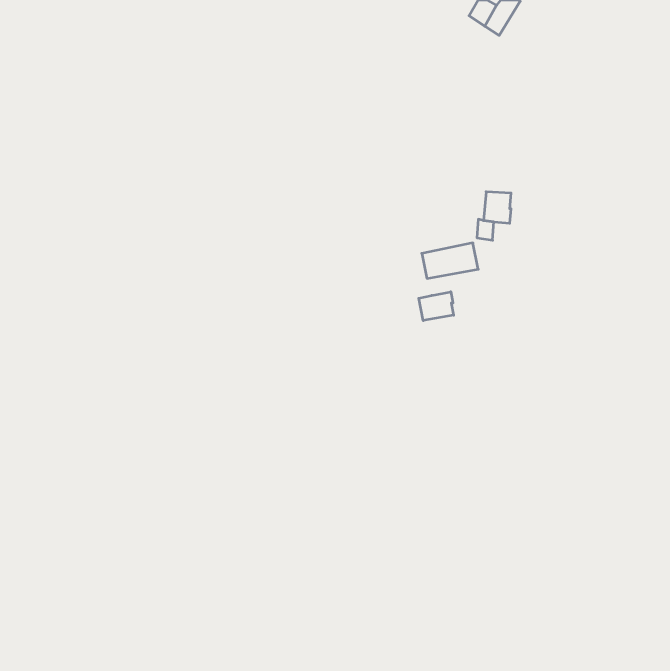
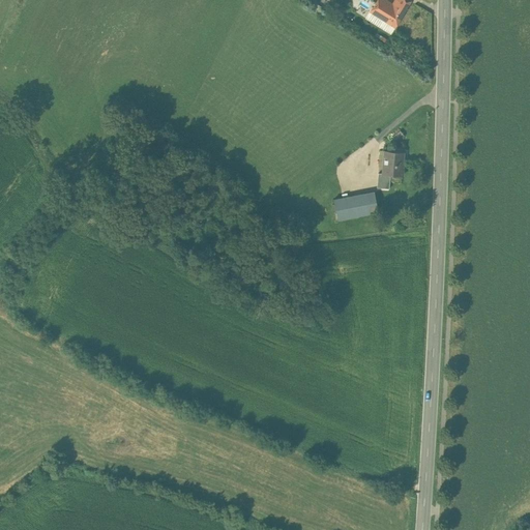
building: [419,292,454,321] -> none

